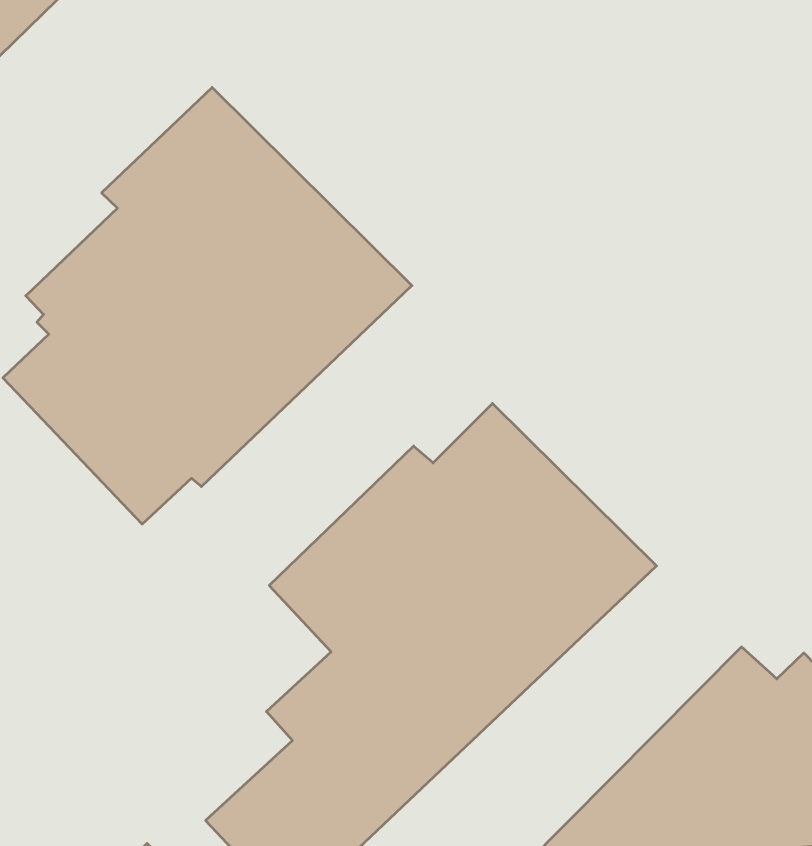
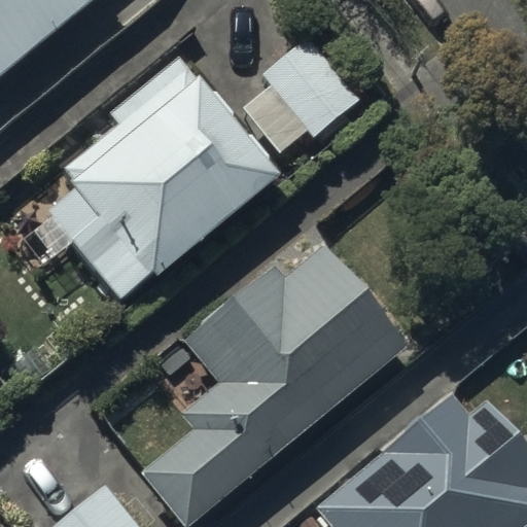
building: none -> [244,35,363,151]

